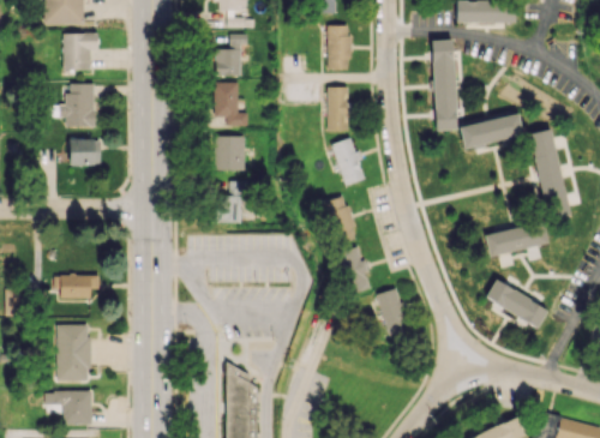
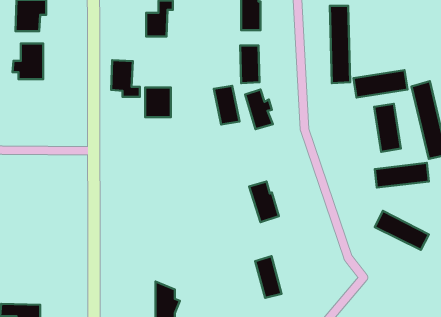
building: [214,82,247,125] -> [111,60,140,97]
building: [70,139,101,166] -> none
building: none -> [374,104,401,152]
building: [216,180,248,223] -> none
building: [325,197,355,242] -> [214,86,239,125]
building: [58,276,100,298] -> none
building: [377,288,408,337] -> [255,256,282,298]
building: [56,324,90,380] -> none

